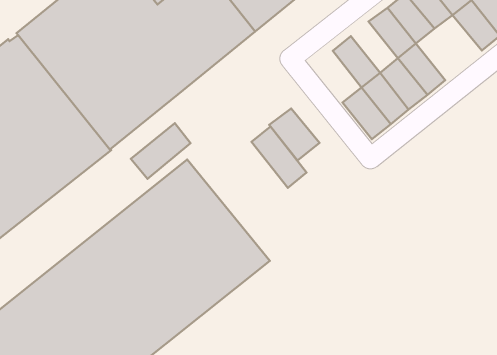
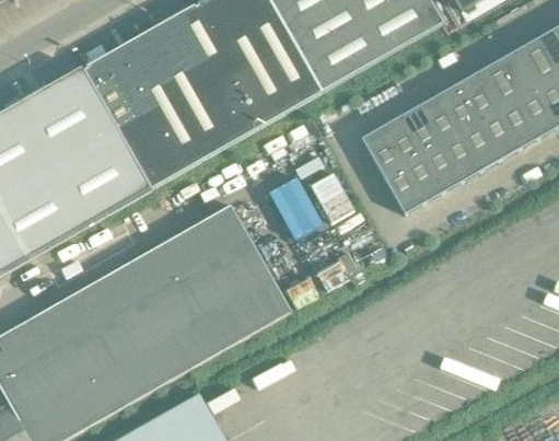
building: none -> [459,109,520,169]
building: none -> [400,103,441,152]
building: none -> [361,125,403,174]
building: [131,123,190,179] -> none
building: [252,127,307,188] -> none

